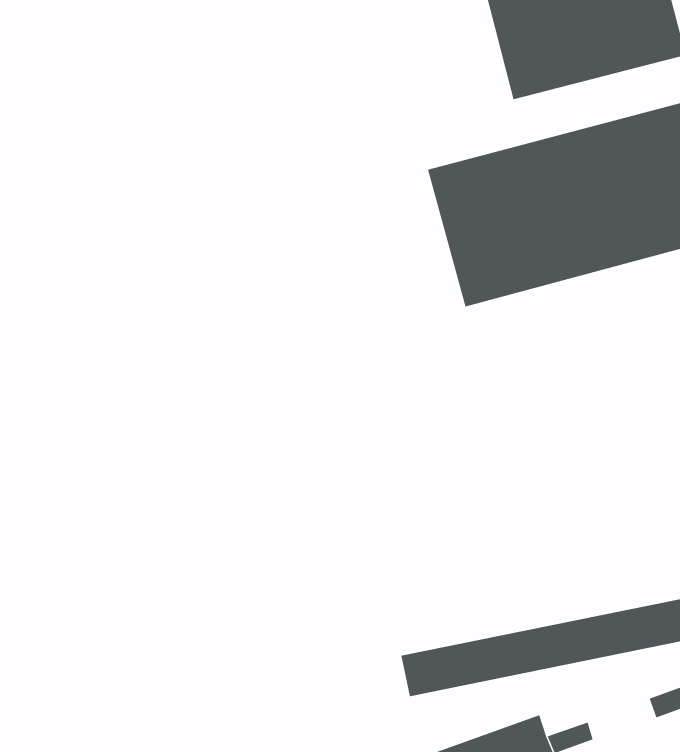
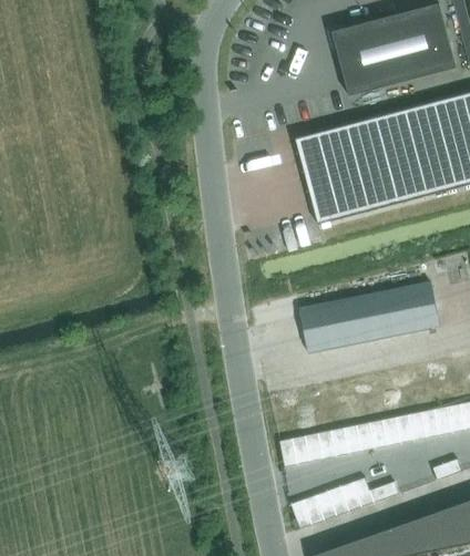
building: none -> [302,281,441,351]

